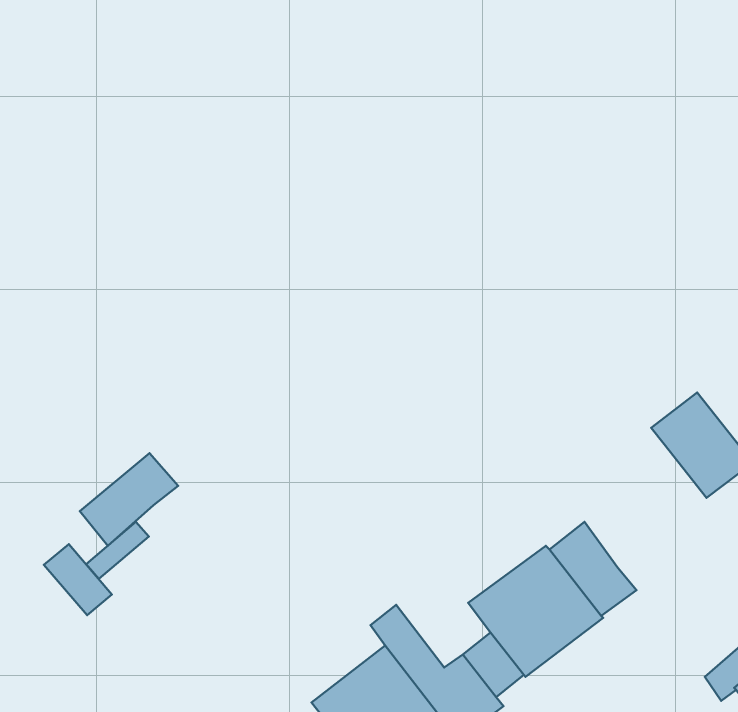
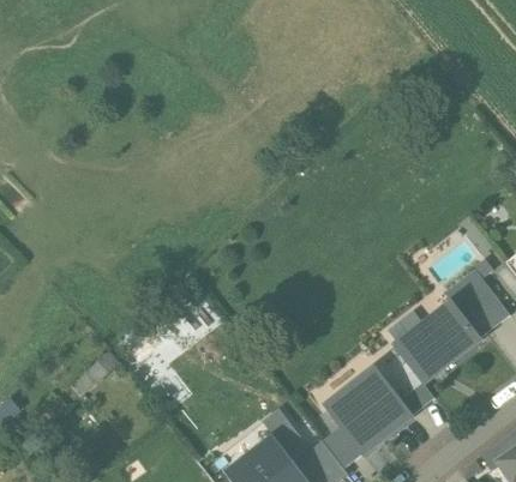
building: none -> [395,303,480,384]
building: [80,453,178,546] -> none
building: [44,544,112,615] -> none

